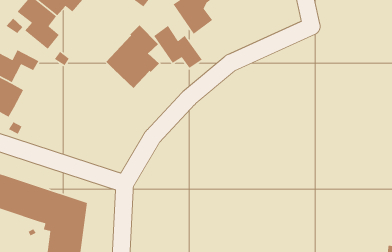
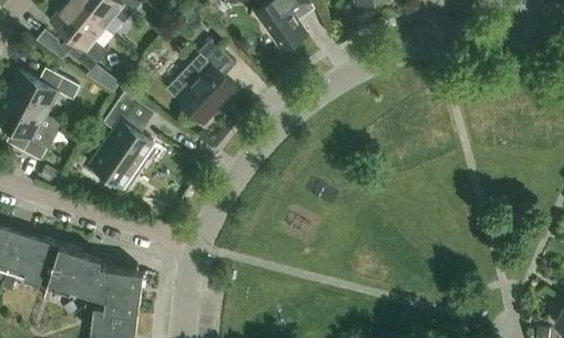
building: [153,25,203,69] -> none
building: none -> [91,92,154,187]

